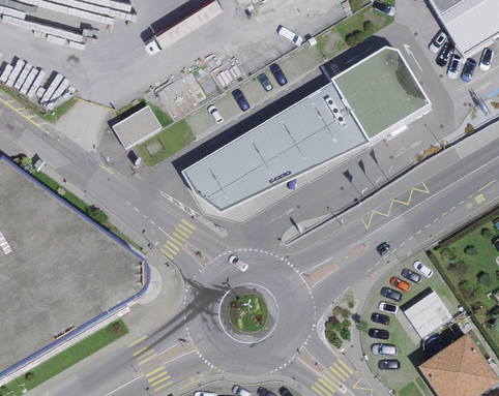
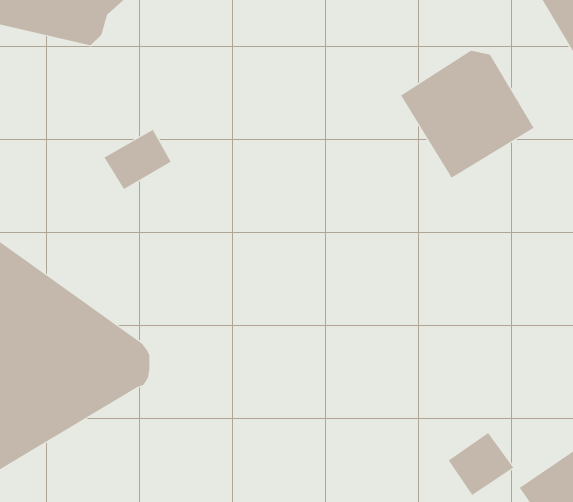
building: [180,80,368,210] -> none
building: [403,290,451,336] -> [448,432,514,496]

